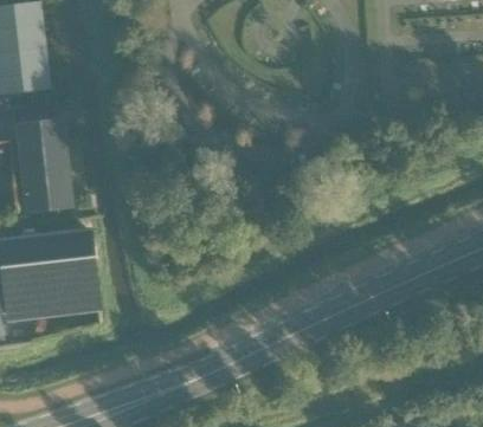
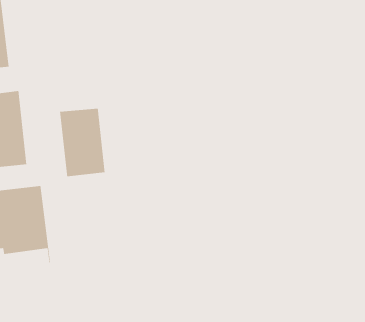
building: none -> [60,108,105,177]

